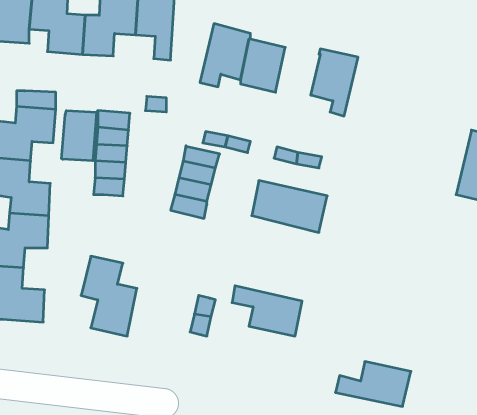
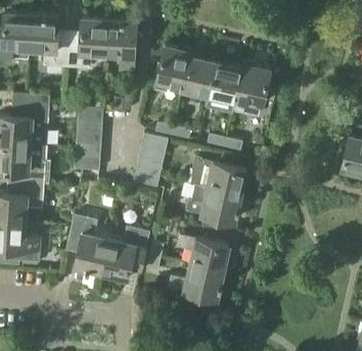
building: none -> [210,63,242,102]
building: [62,111,97,161] -> none
building: none -> [186,186,241,223]
building: none -> [101,227,150,280]
building: [335,362,411,406] -> [169,266,224,299]

